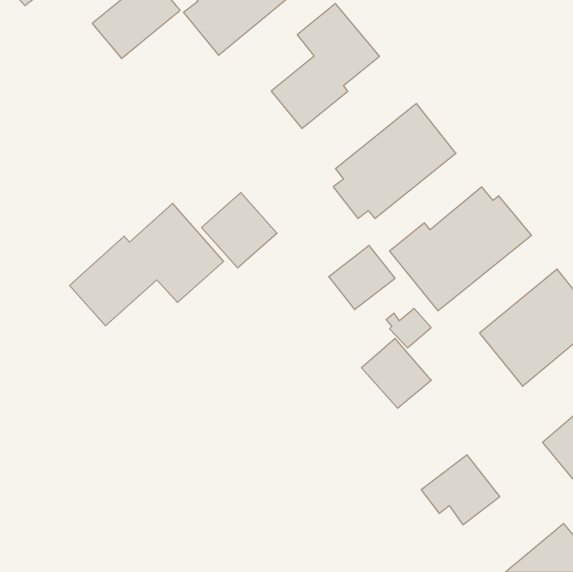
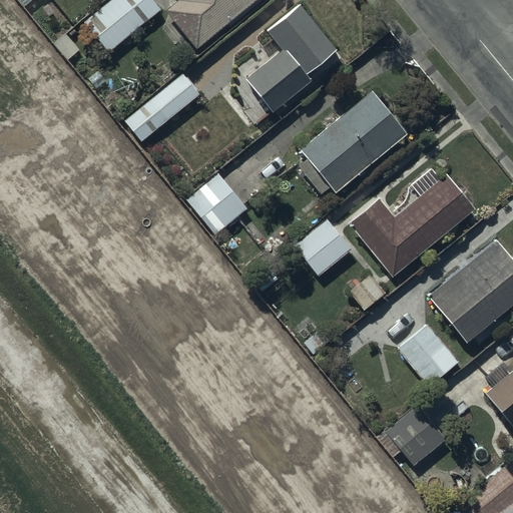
building: none -> [124,73,198,140]
building: [70,203,224,326] -> none
building: [362,338,431,408] -> [398,324,460,386]

